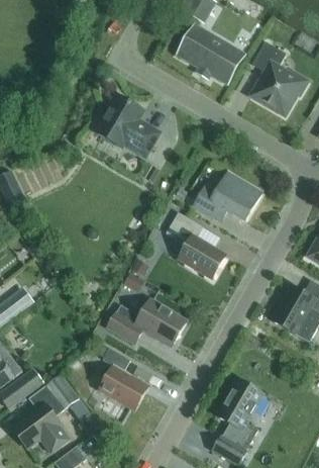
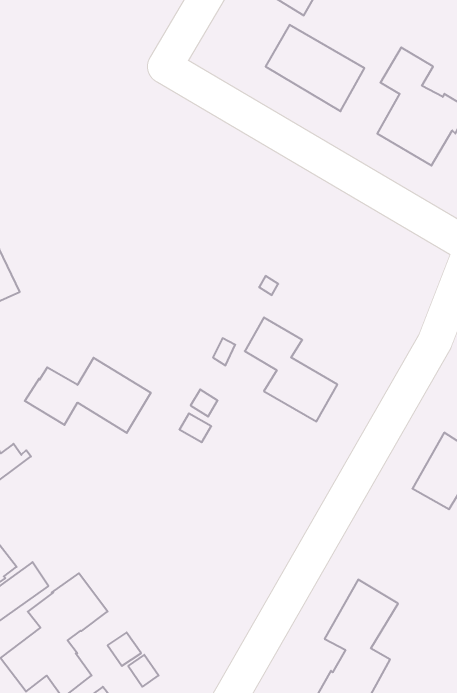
building: [96,95,161,157] -> none
building: [193,172,262,221] -> none
building: [107,299,187,347] -> [25,358,151,433]
building: [99,348,149,410] -> none

